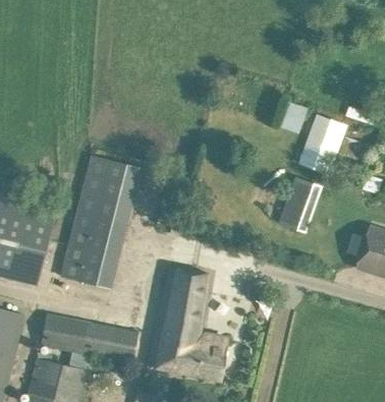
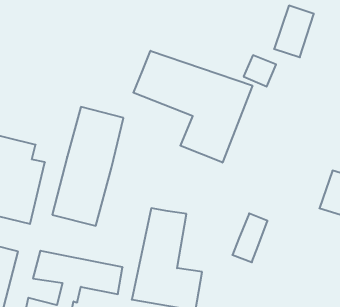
building: none -> [133,51,252,163]
building: [301,117,345,174] -> [274,6,314,57]
building: [284,178,323,232] -> [232,213,268,262]

